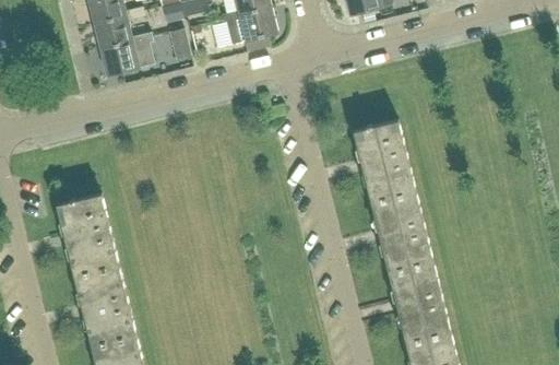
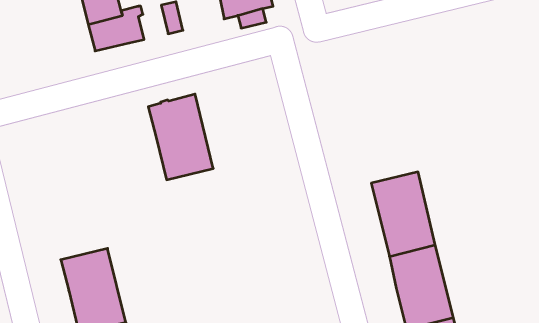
building: [353,119,415,201] -> none
building: [56,192,118,274] -> [148,94,213,180]

